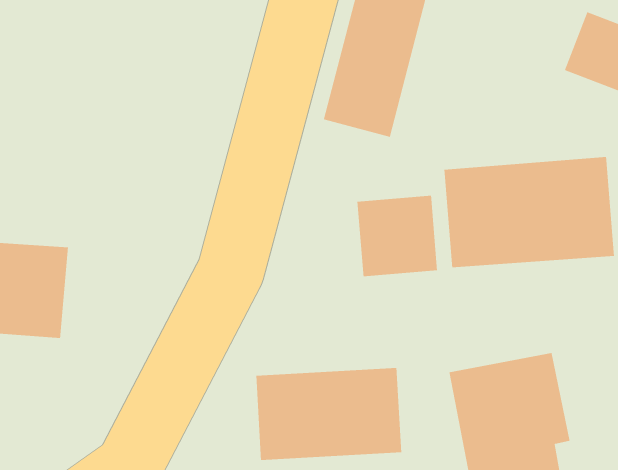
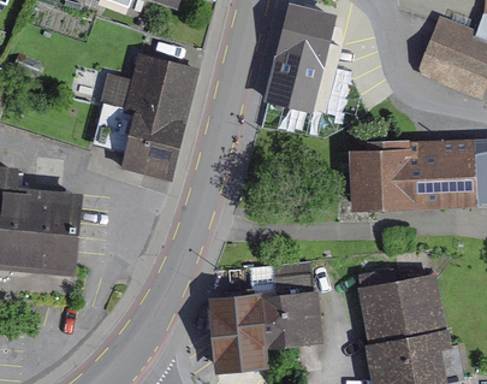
building: none -> [91,59,192,178]
building: [357,195,438,277] -> none

